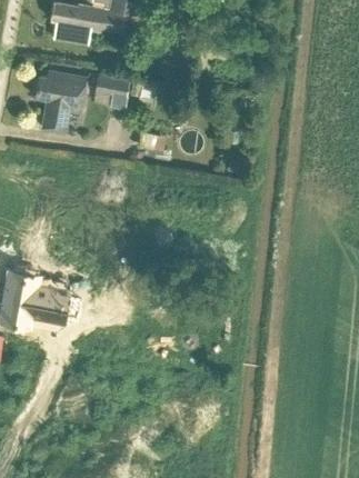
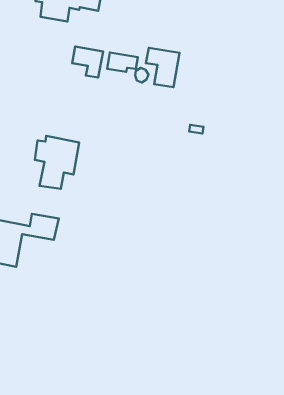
building: [36,70,87,131] -> [35,136,79,189]
building: none -> [146,48,180,87]

